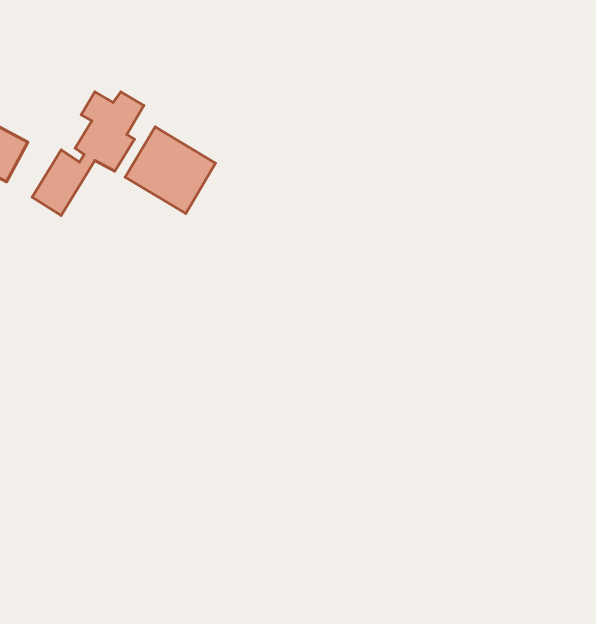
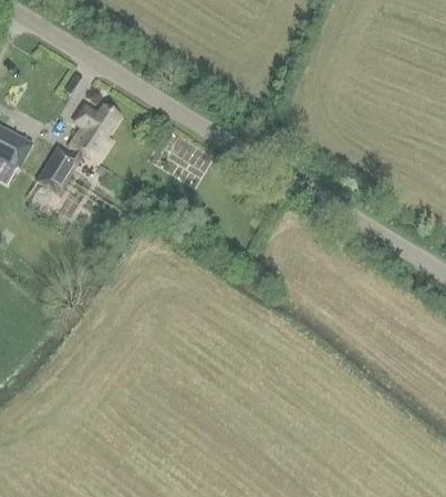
building: [125,127,216,214] -> none

